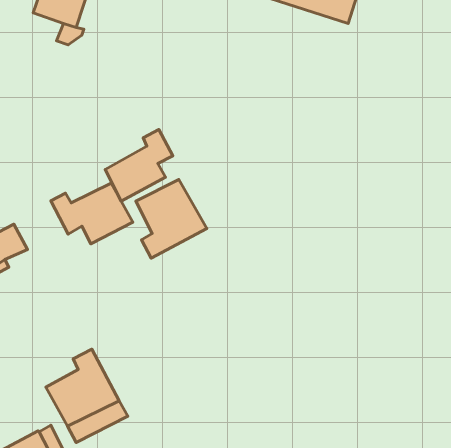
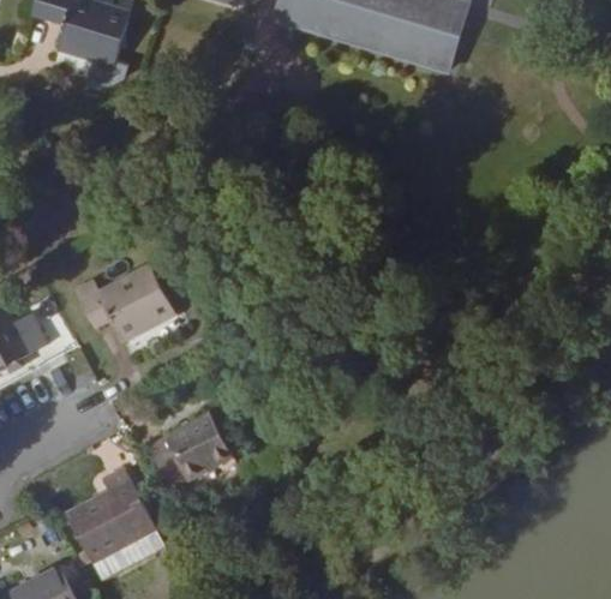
building: [105,129,173,201] -> none
building: [136,179,207,258] -> none
building: none -> [149,409,234,485]

